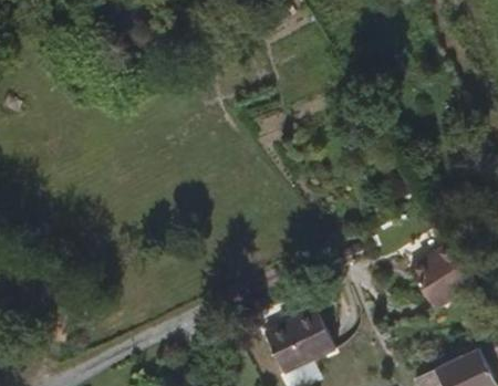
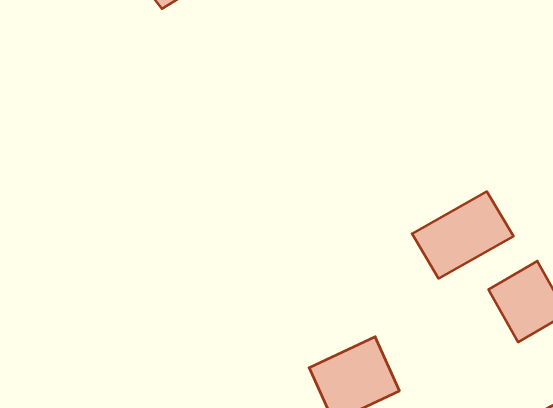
building: none -> [412,192,513,278]

